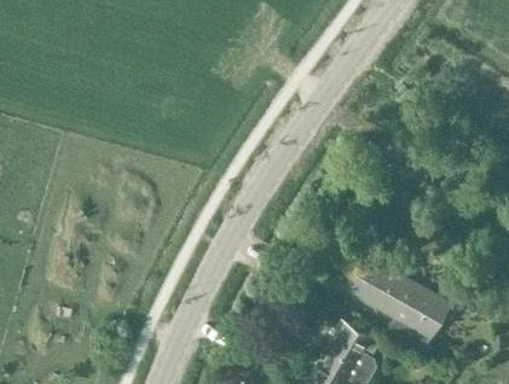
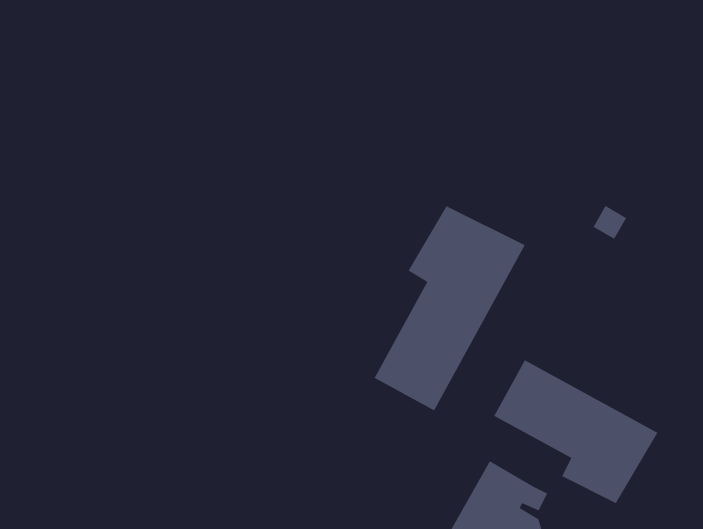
building: none -> [374,205,526,411]

